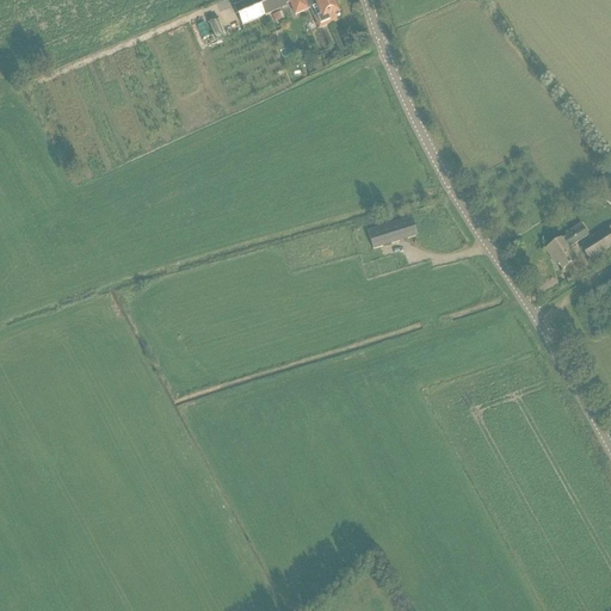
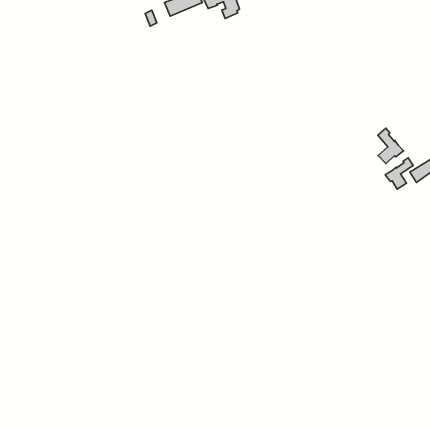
building: none -> [378,128,404,164]
building: [368,215,416,246] -> none

